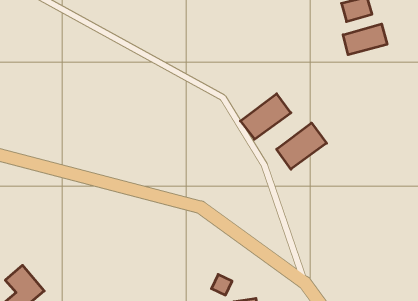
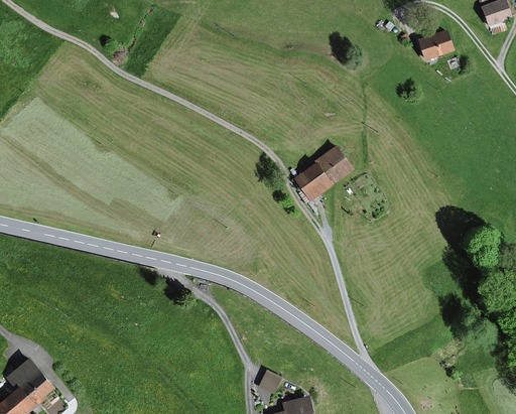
building: [343,24,387,55] -> none
building: [277,123,327,169] -> none

